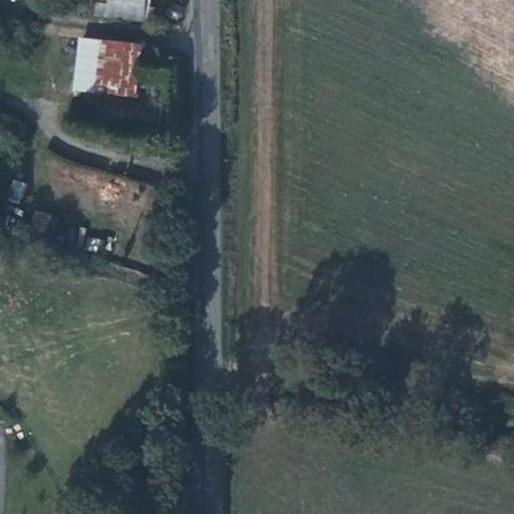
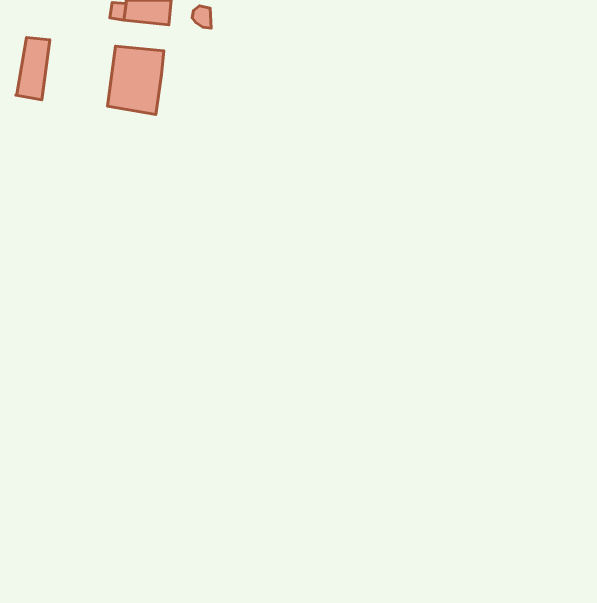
building: [69,37,98,90] -> [16,37,50,100]

